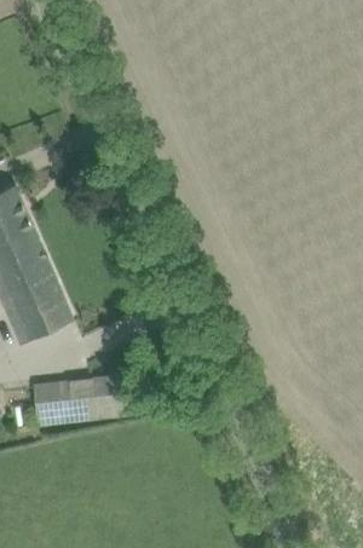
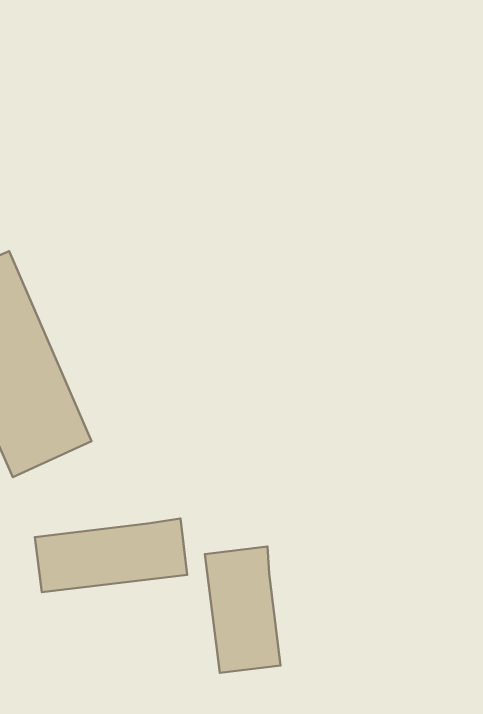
building: none -> [205,547,280,673]

